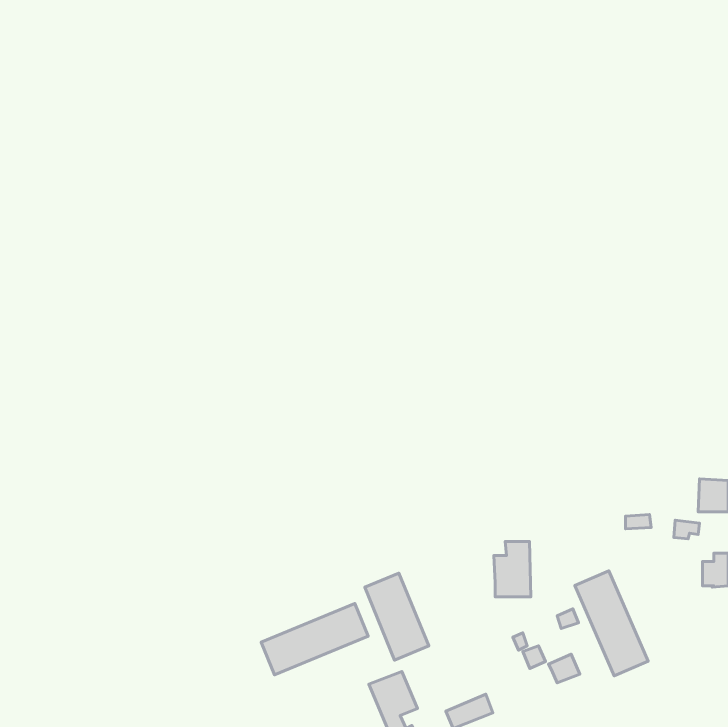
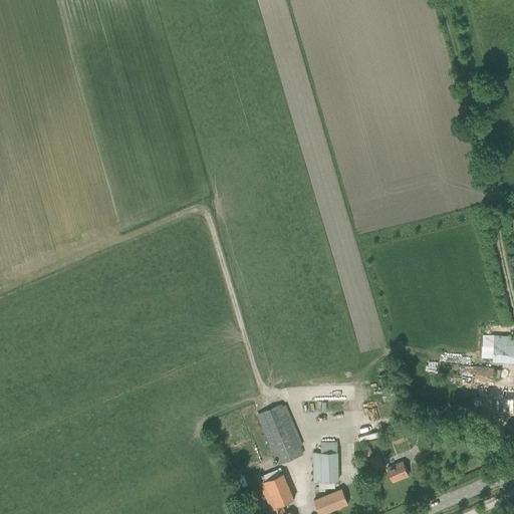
building: [494,541,531,597] -> [312,443,338,482]
building: [575,571,648,676] -> none
building: [261,603,368,675] -> none

